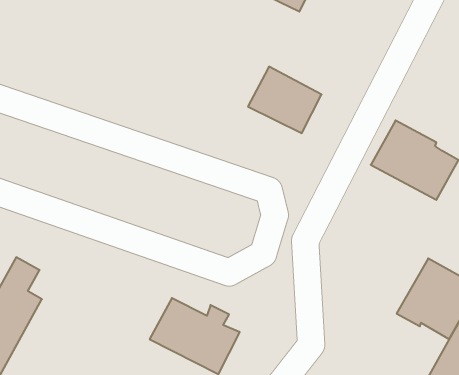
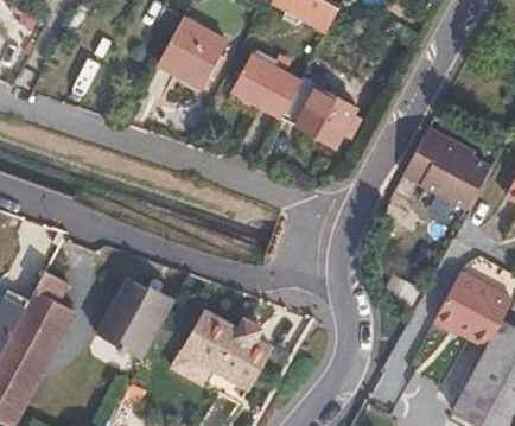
building: none -> [157,20,223,88]
building: none -> [231,52,300,116]
building: none -> [96,278,174,357]

